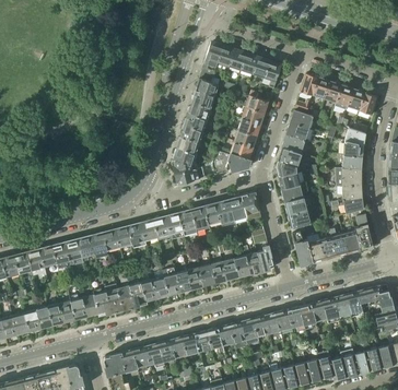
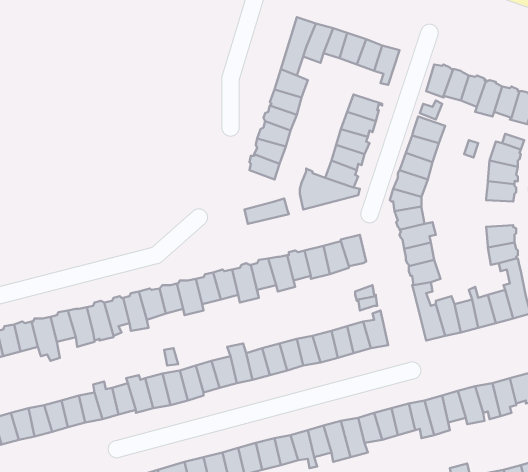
building: [172,147,198,175] -> none
building: [336,168,362,187] -> none

